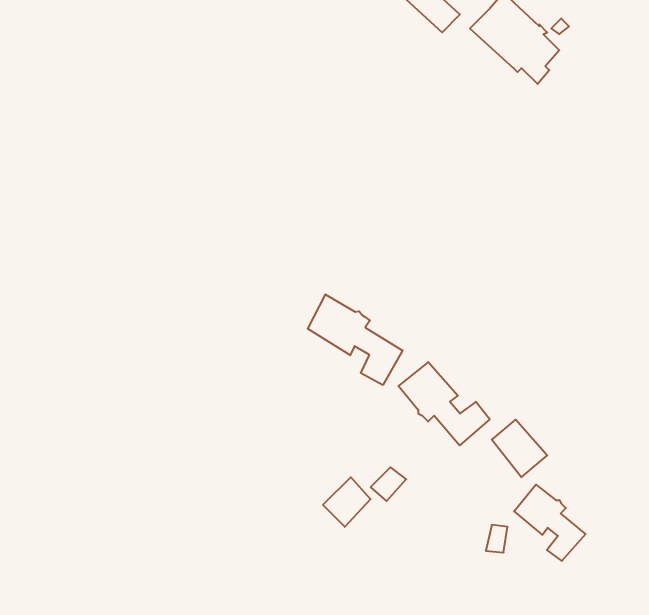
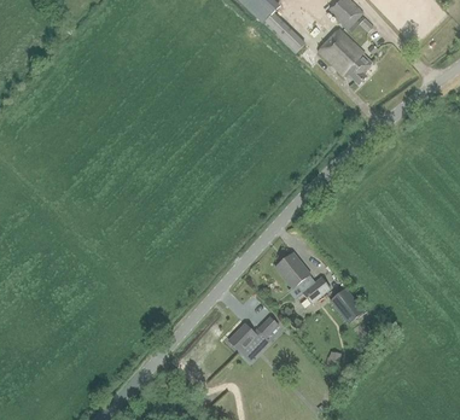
building: [308,294,403,385] -> none
building: [514,485,585,561] -> none

